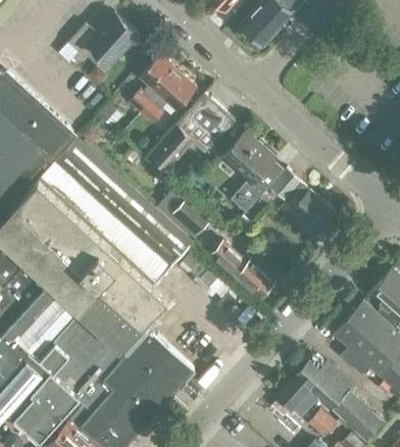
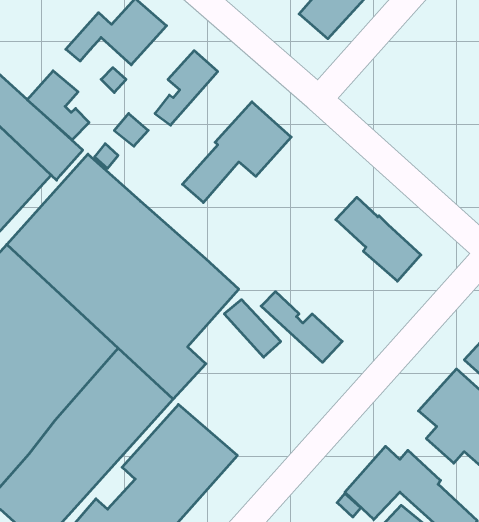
building: none -> [27,71,89,140]
building: [141,70,196,121] -> none
building: [221,132,280,213] -> none
building: [168,197,212,240] -> none

